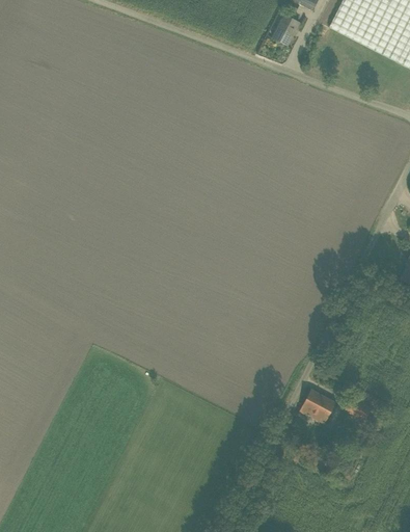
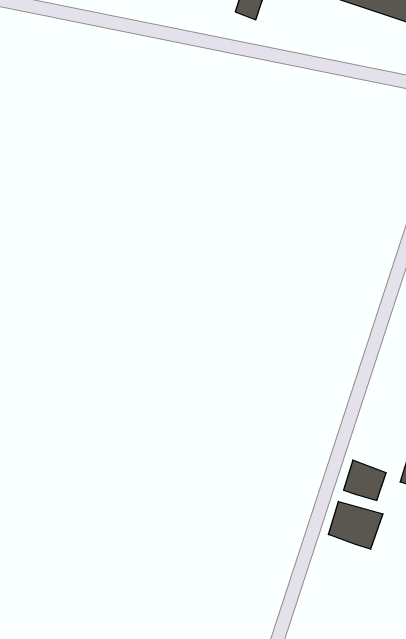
building: none -> [328,501,383,549]

